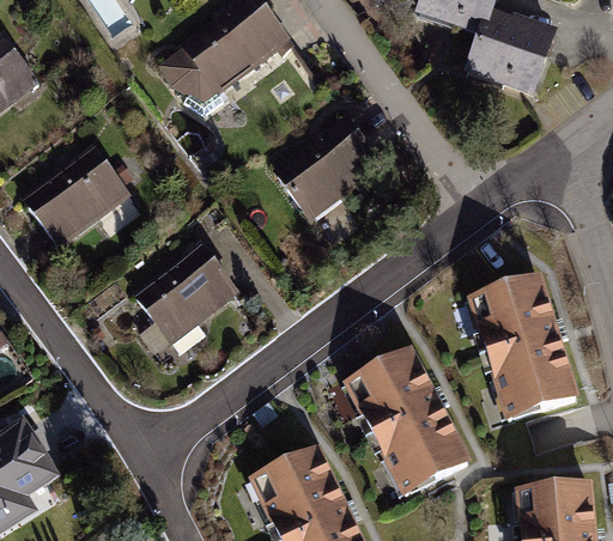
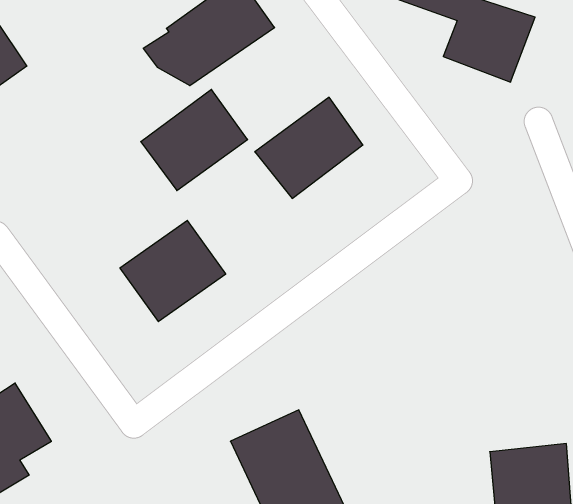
building: [19,148,129,253] -> [141,89,248,191]
building: [465,267,577,415] -> none
building: [339,341,469,490] -> none

